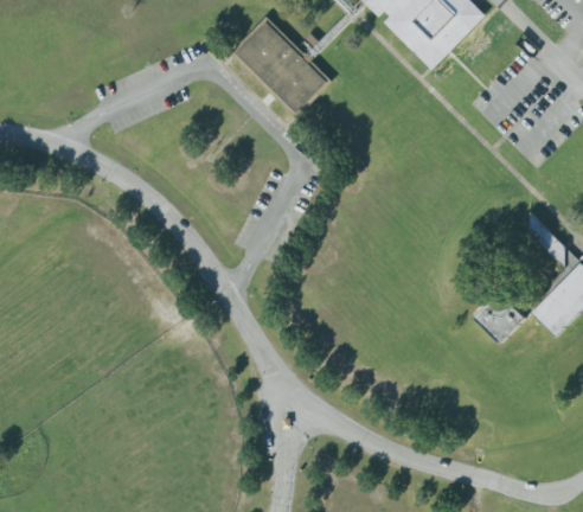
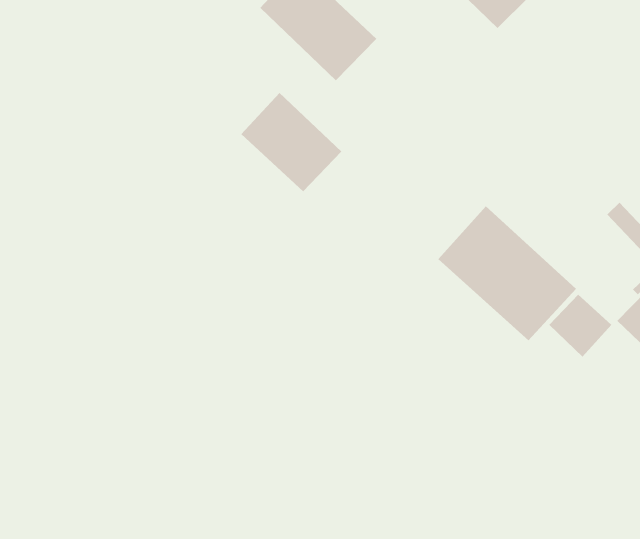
building: none -> [240,92,342,192]
building: none -> [437,205,577,341]

